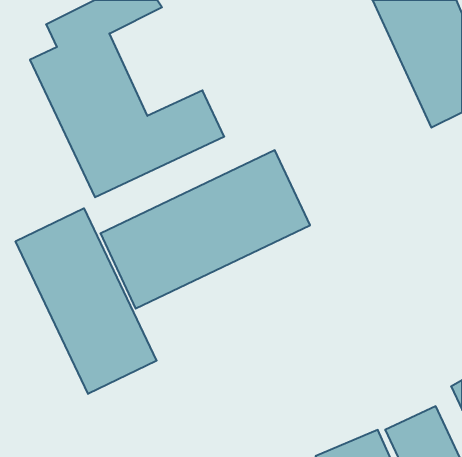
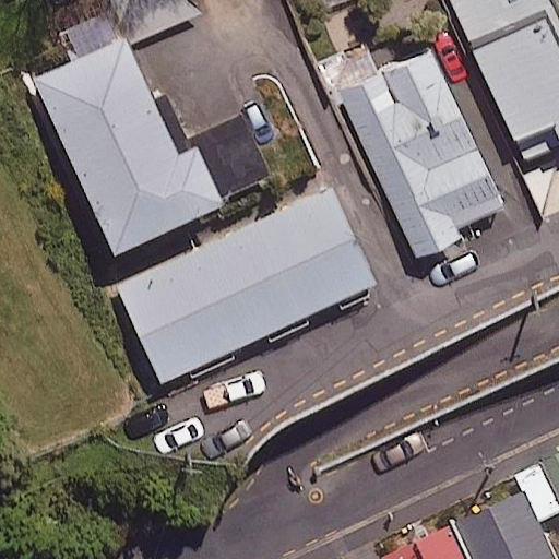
building: none -> [330,55,500,257]
building: [16,208,157,394] -> none

